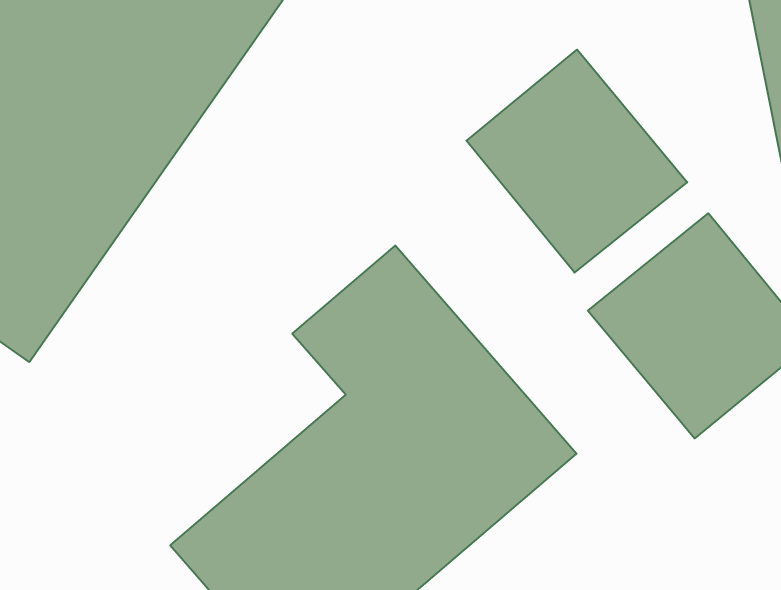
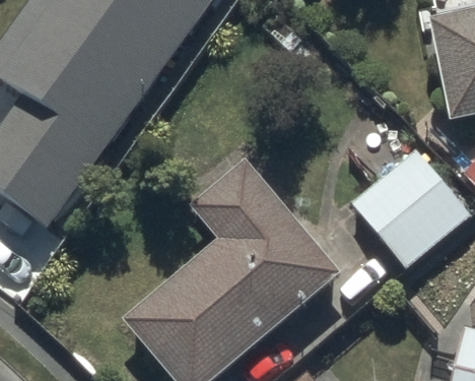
building: [466,50,687,273] -> none

